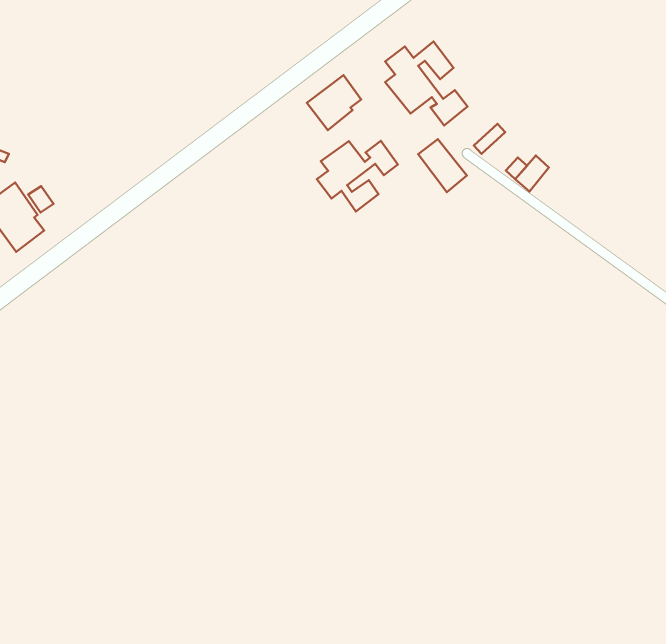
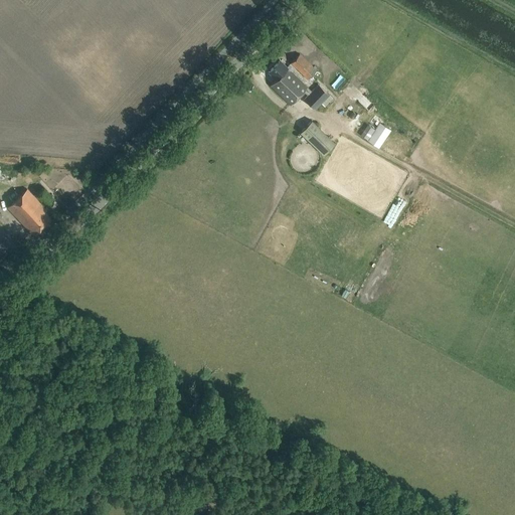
building: [307,75,361,130] -> none
building: [317,141,398,211] -> none

